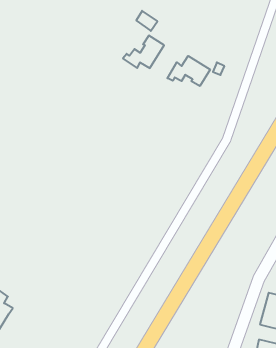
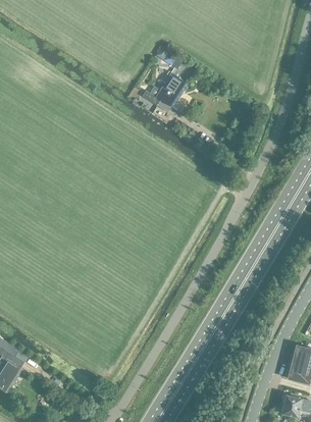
building: [167,56,210,86] -> none

